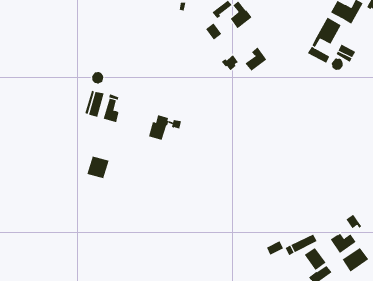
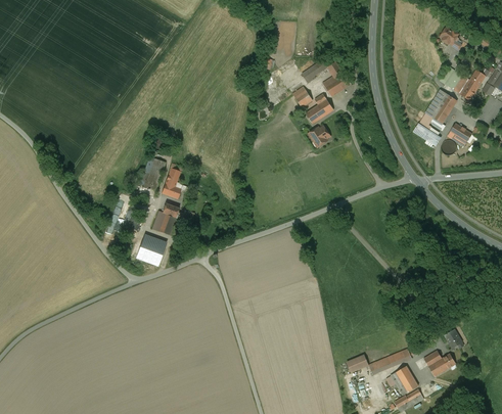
building: [244,47,267,72] -> [306,94,333,124]
building: [148,115,182,140] -> [152,203,194,235]
building: [342,247,369,273] -> none

